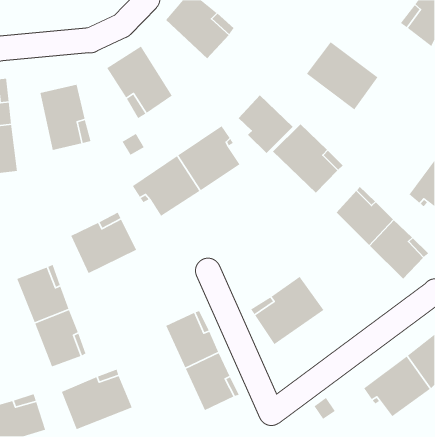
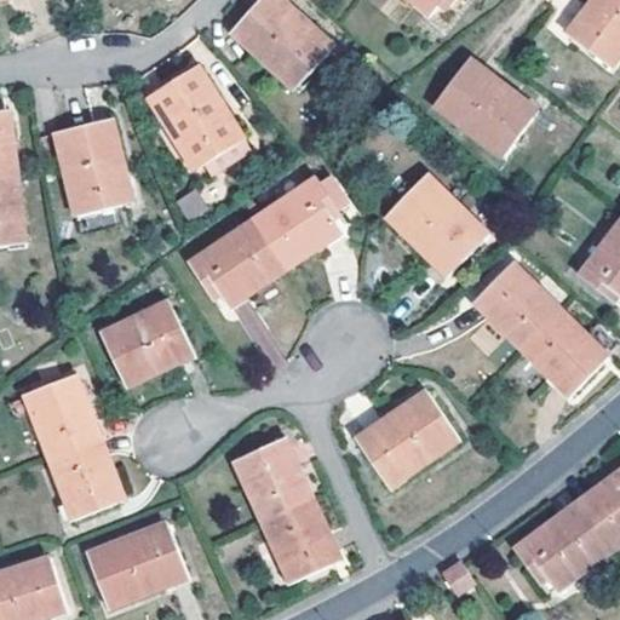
building: [238,94,294,154] -> none

